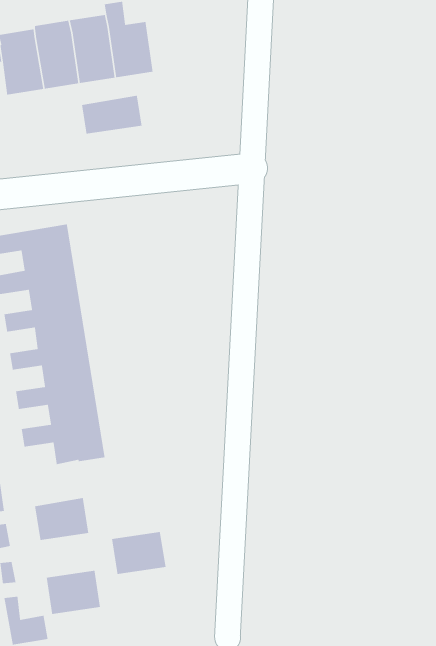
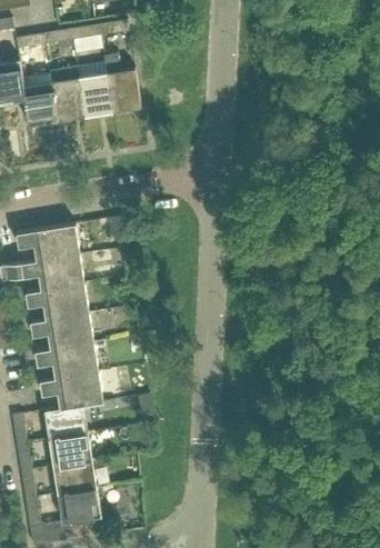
building: [81,95,142,135] -> none
building: none -> [43,405,86,439]
building: [111,531,166,575] -> [52,460,94,494]

